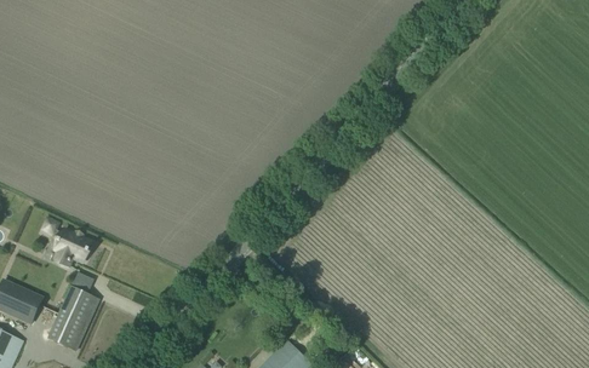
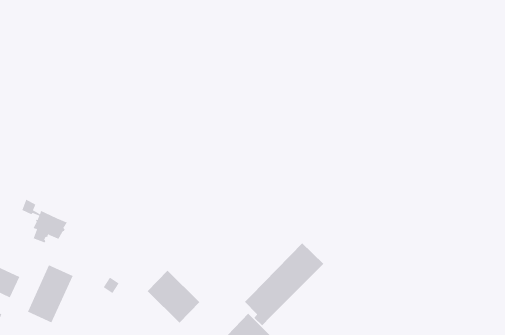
building: none -> [244,243,324,326]
building: none -> [147,270,200,323]

